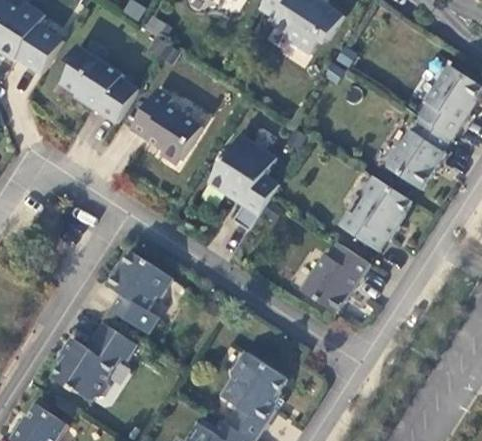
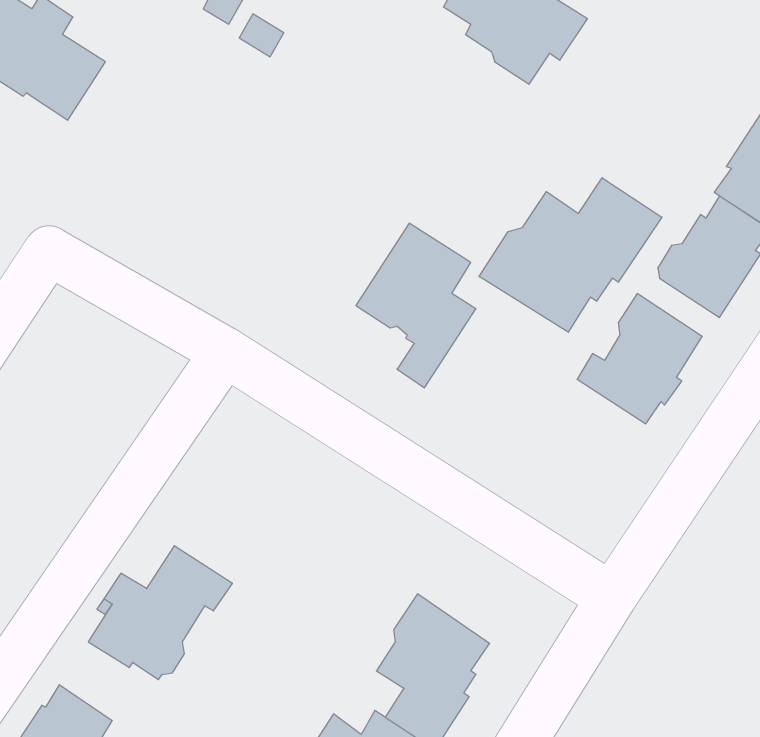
building: [60,45,137,122] -> none
building: [130,88,201,161] -> none
building: none -> [479,178,662,332]
building: [300,241,369,313] -> none
building: [108,251,171,333] -> none

